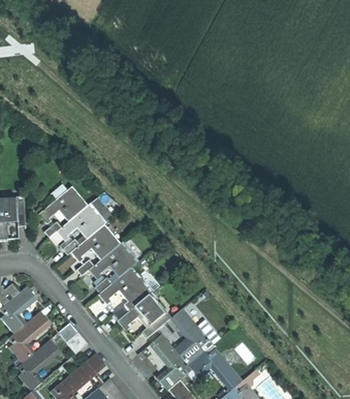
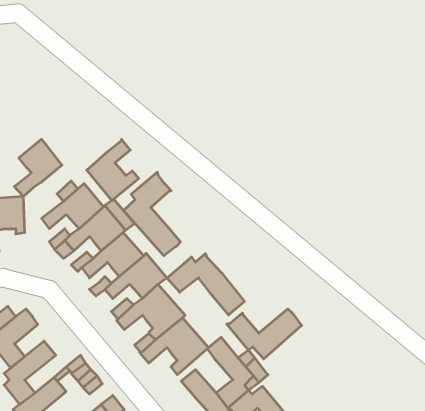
building: none -> [14,139,62,196]
building: none -> [87,139,139,201]
building: none -> [124,172,180,256]
building: none -> [167,254,244,315]
building: none -> [227,309,302,359]

